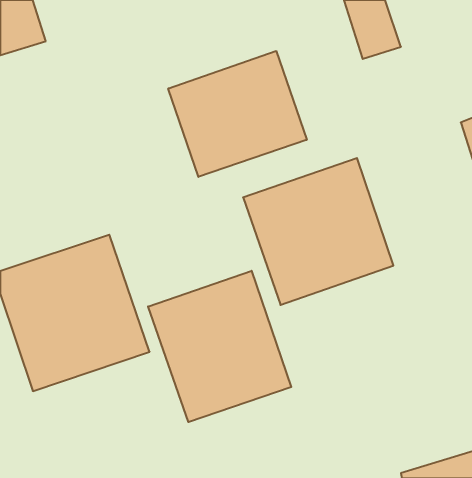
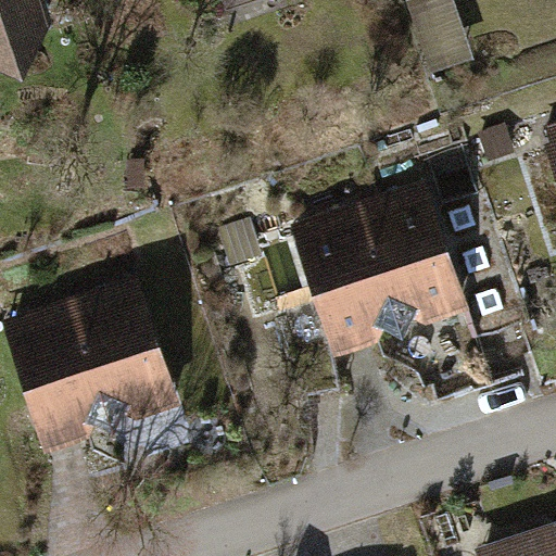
building: [168,51,307,177] -> none
building: [148,271,291,422] -> none

